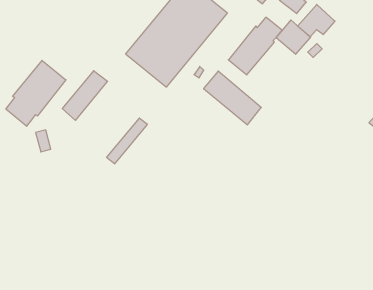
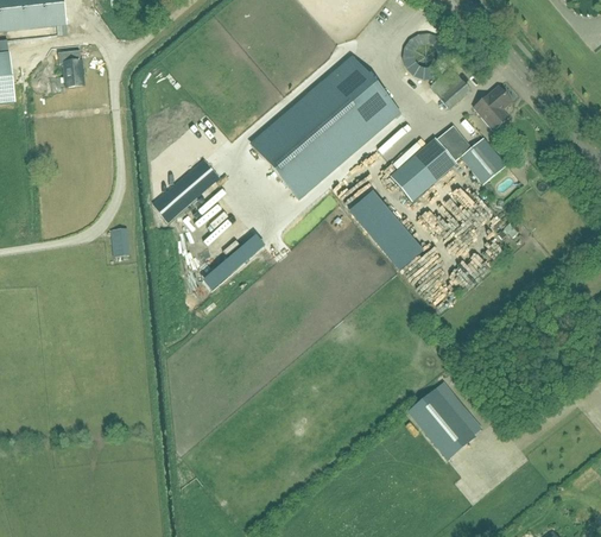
building: [298,4,335,37] -> none
building: [6,60,66,126] -> none
building: none -> [409,388,475,459]

